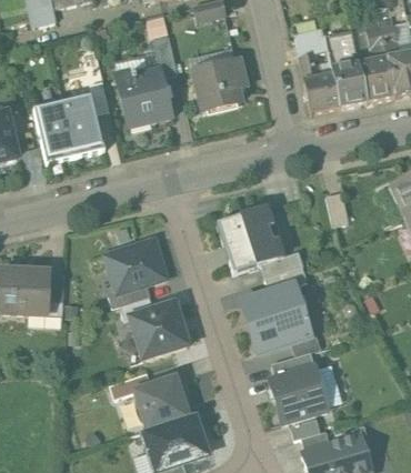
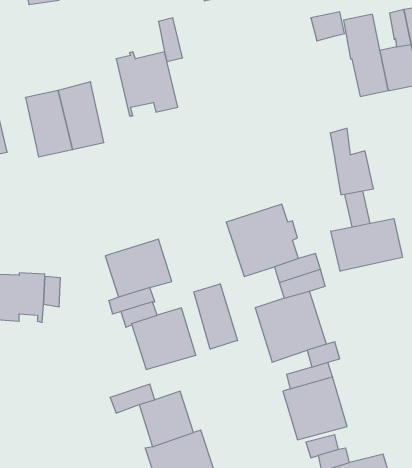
building: [300,51,340,112] -> [330,128,374,195]
building: [192,58,245,109] -> none
building: none -> [331,219,402,271]
building: none -> [194,284,238,349]

